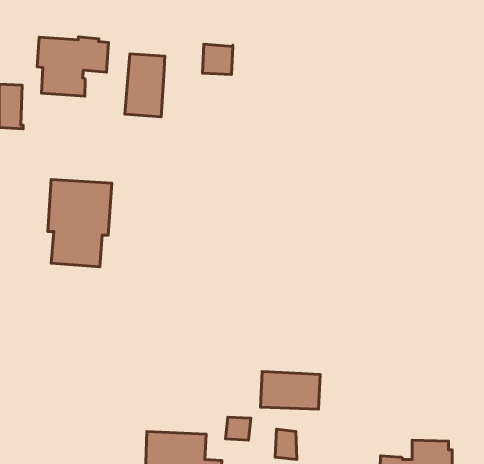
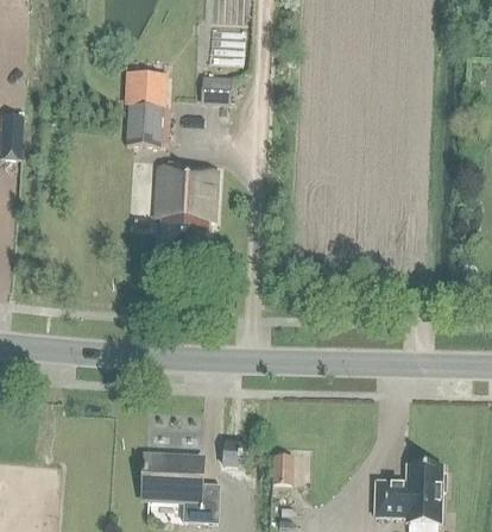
building: [37,37,109,96] -> none
building: [48,180,112,267] -> [154,164,217,250]
building: [261,372,320,409] -> none

